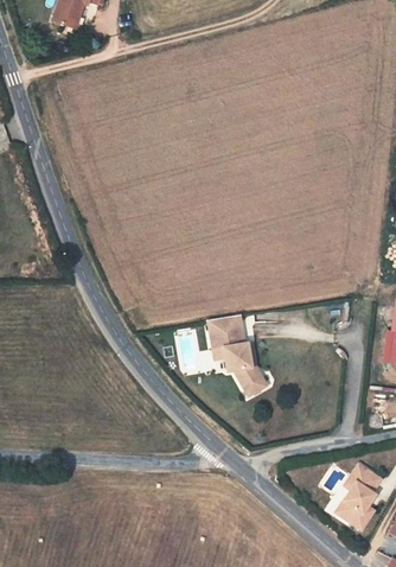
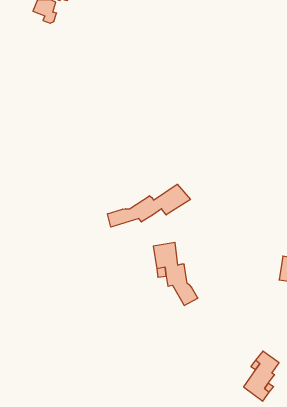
building: none -> [107,184,190,227]

